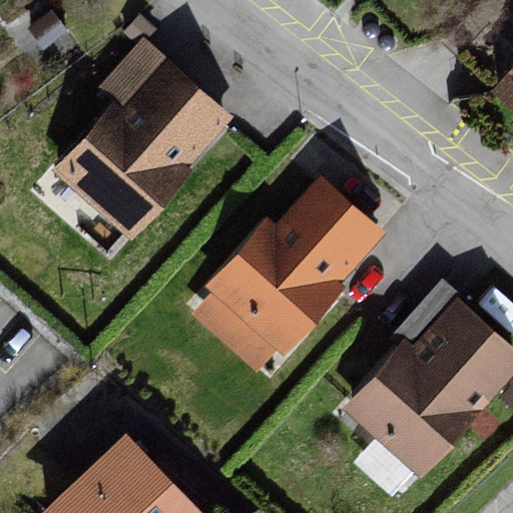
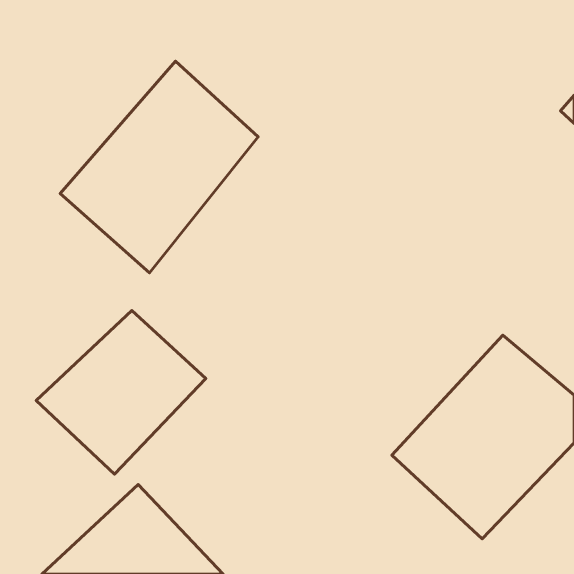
building: [186,178,387,376] -> none
building: none -> [36,310,206,474]

